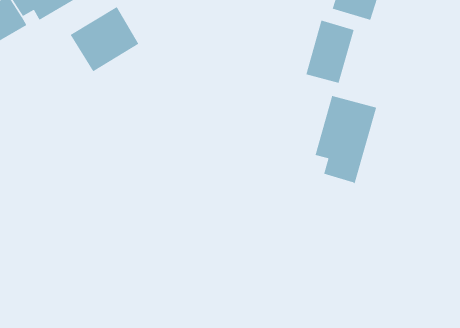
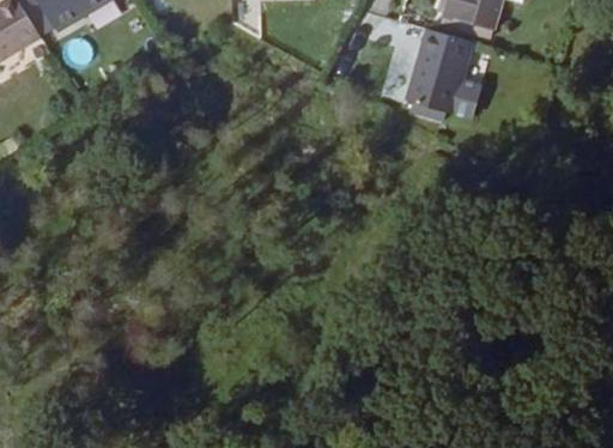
building: [70,6,139,72] -> none
building: [315,95,377,184] -> none

